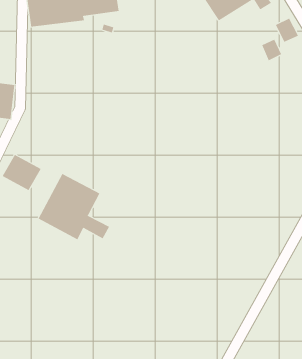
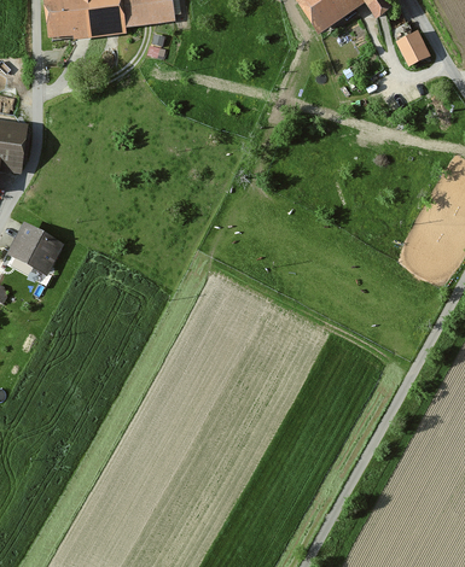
building: [262,39,282,61] -> none
building: [38,173,110,240] -> none

